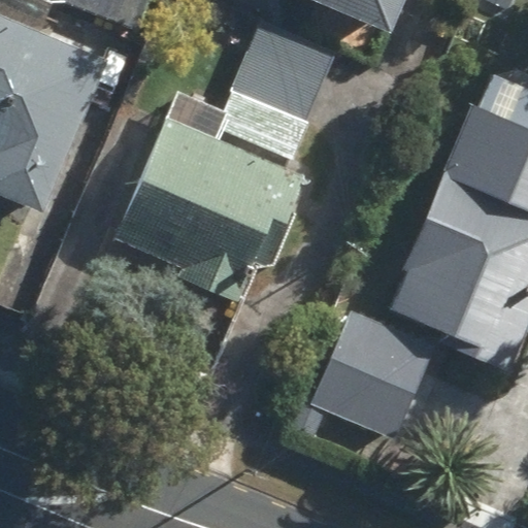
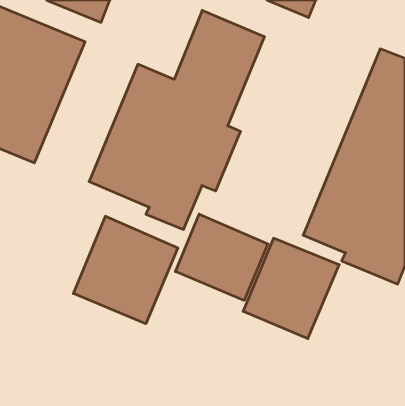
building: none -> [175,214,268,300]
building: none -> [73,216,178,324]

